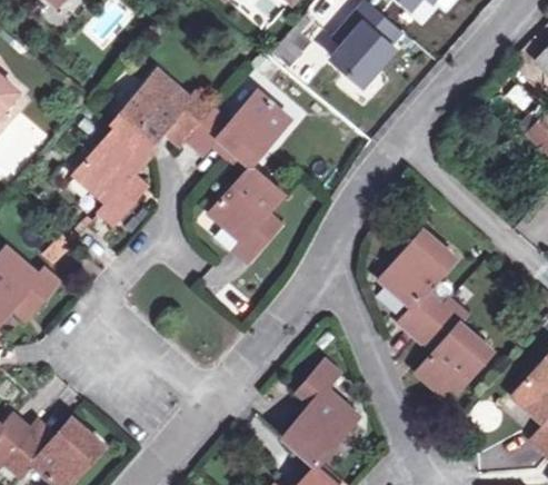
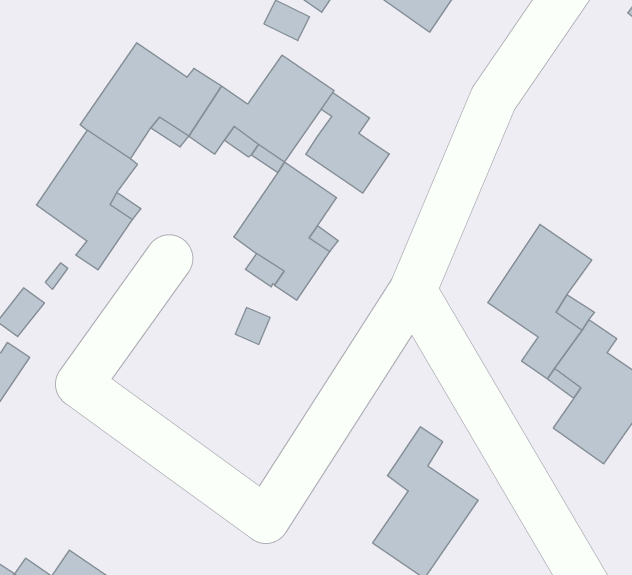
building: none -> [306,93,389,193]

